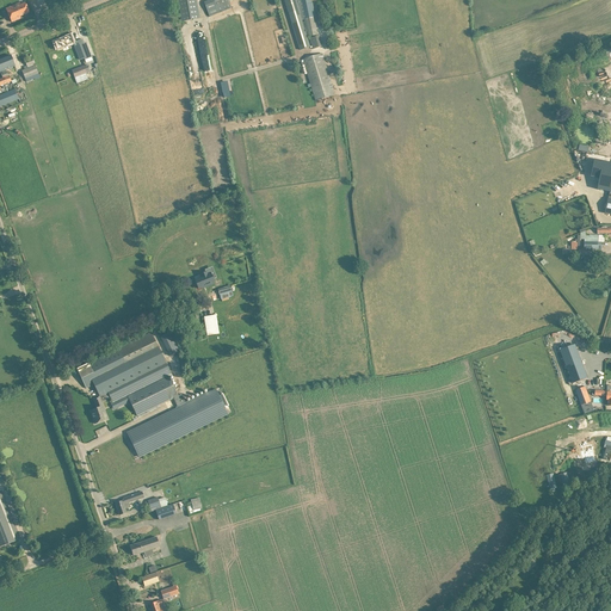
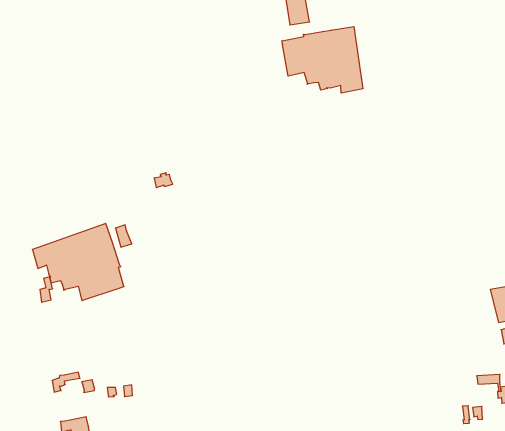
building: none -> [282,27,363,93]
building: [128,388,228,456] -> none

